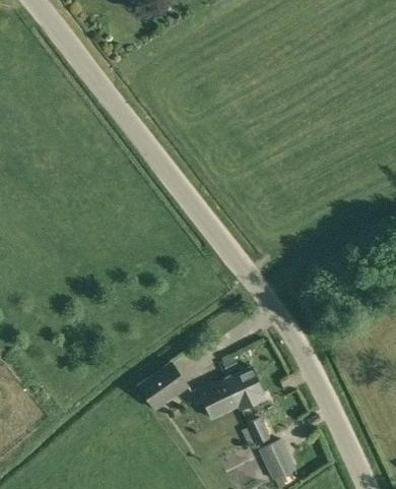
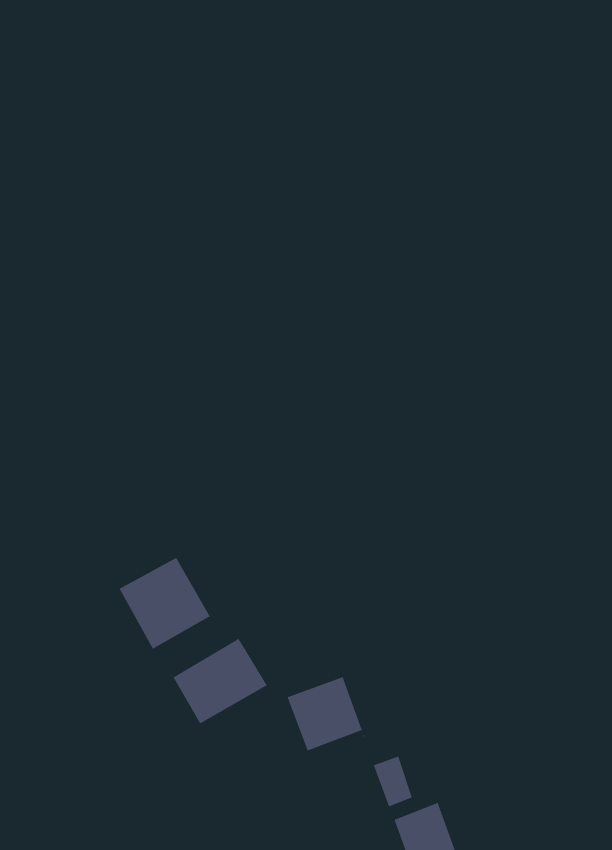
building: none -> [119,557,211,650]
building: [227,367,265,409] -> none

